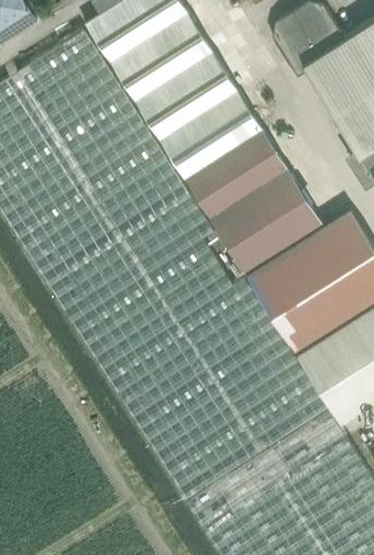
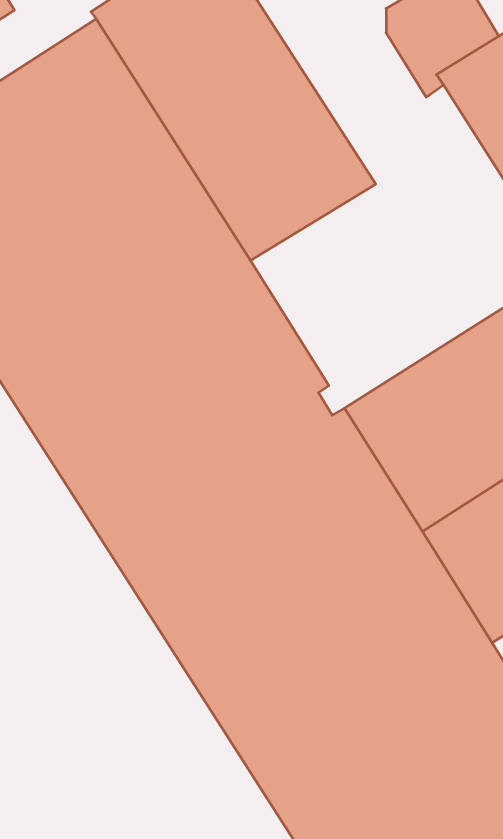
building: [186,132,323,278] -> none

